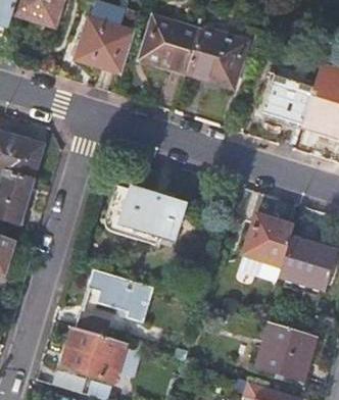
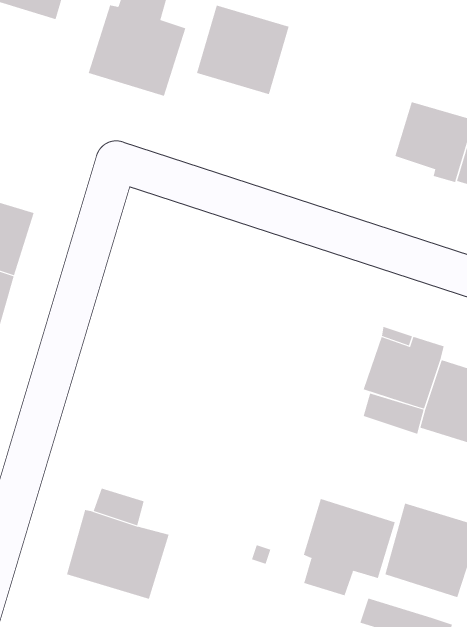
building: [187,28,247,87] -> none
building: [105,178,184,245] -> none
building: [88,269,153,322] -> none
building: none -> [303,498,396,596]

